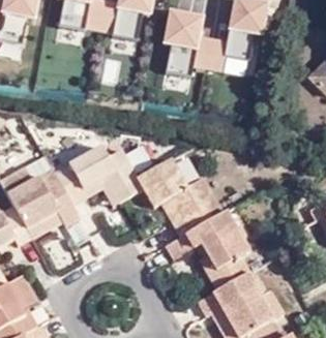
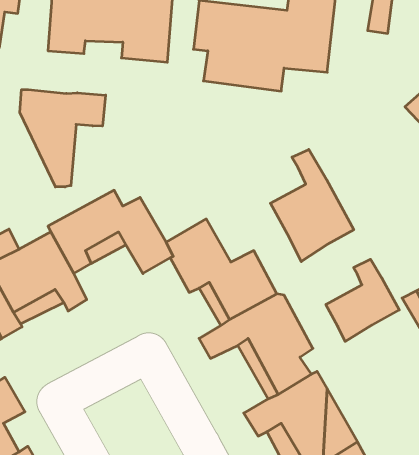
building: none -> [20,90,106,187]
building: none -> [270,149,354,262]
building: none -> [326,259,399,341]

